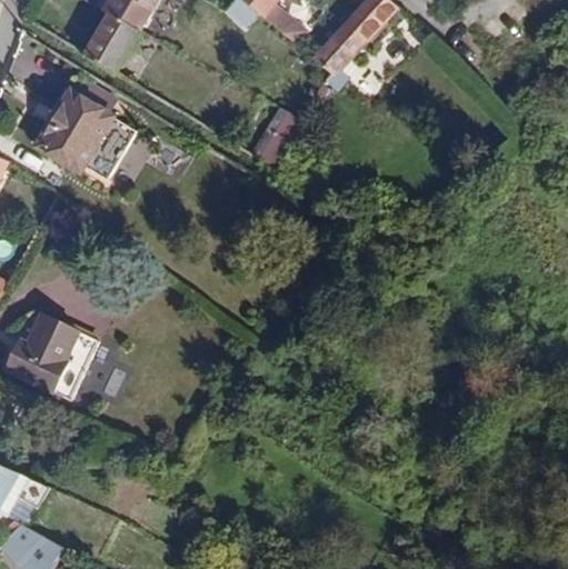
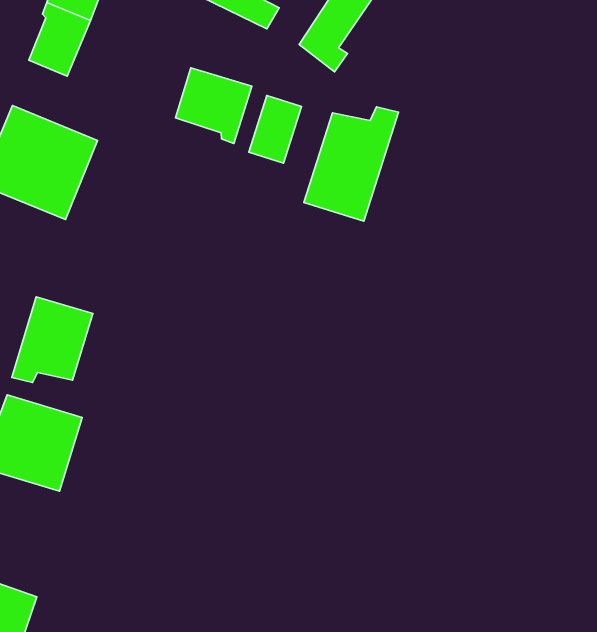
building: none -> [175,68,252,144]
building: none -> [304,107,399,221]
building: none -> [12,297,93,383]

